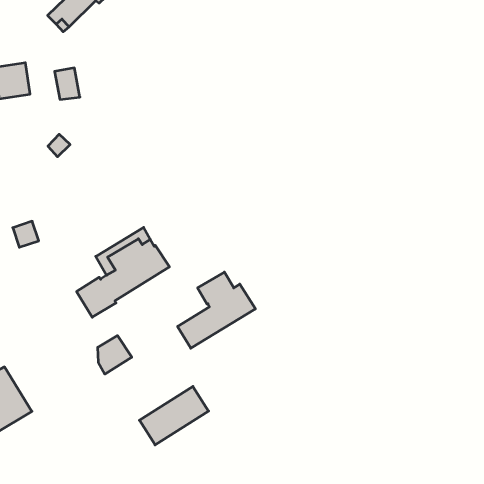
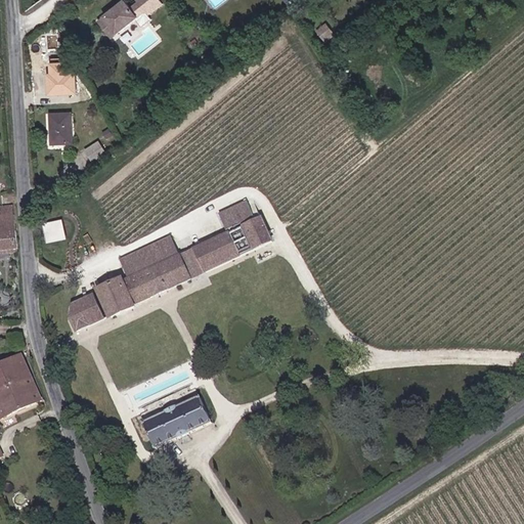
building: [55,68,80,99] -> [50,112,72,140]
building: [178,272,255,348] -> [191,200,268,269]
building: [98,336,132,374] -> [68,295,100,331]

